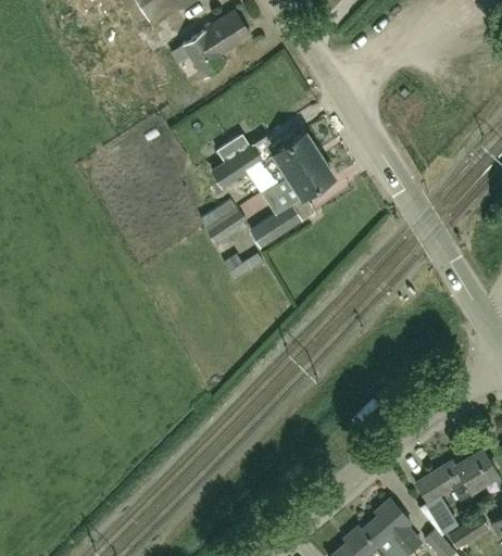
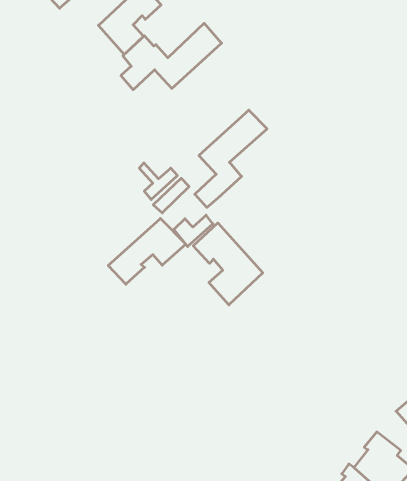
building: [213,134,319,193] -> [121,23,222,90]
building: none -> [108,218,186,284]
building: none -> [193,223,263,305]

